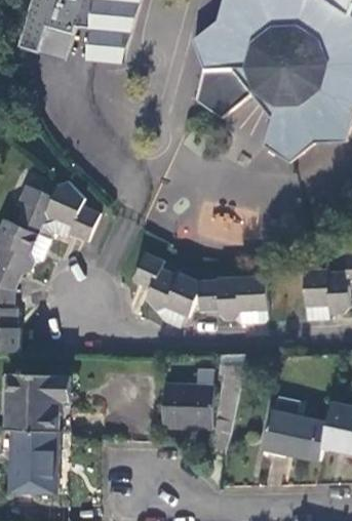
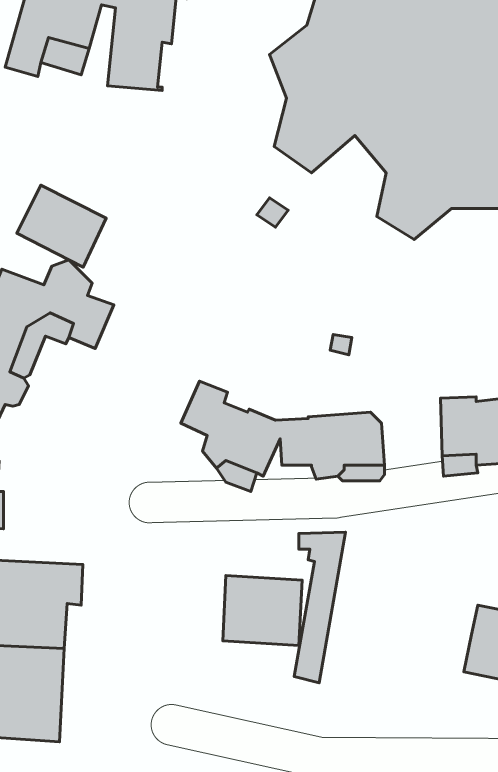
building: none -> [17,185,106,267]
building: [264,410,327,460] -> none

